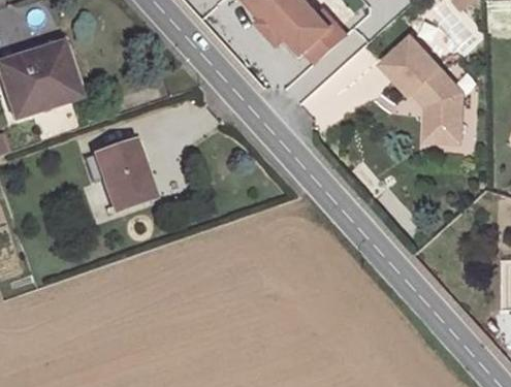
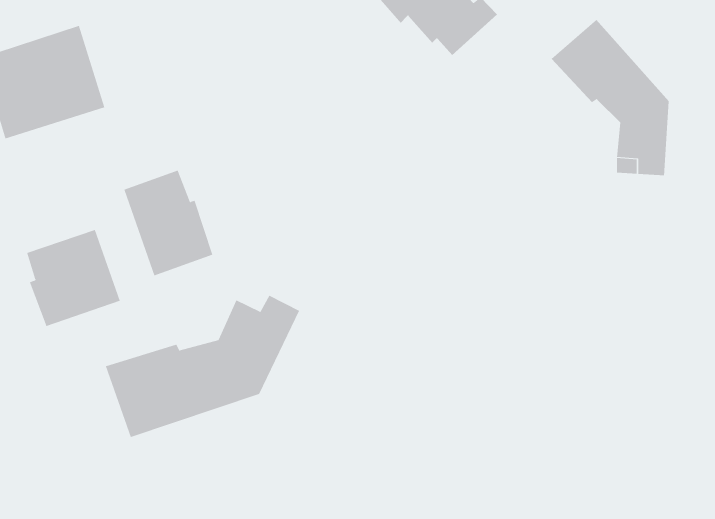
building: none -> [27,229,120,327]
building: none -> [105,295,300,438]

